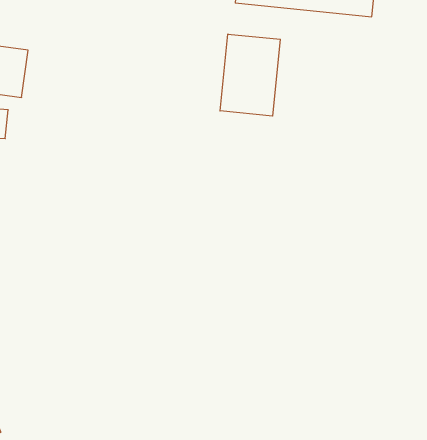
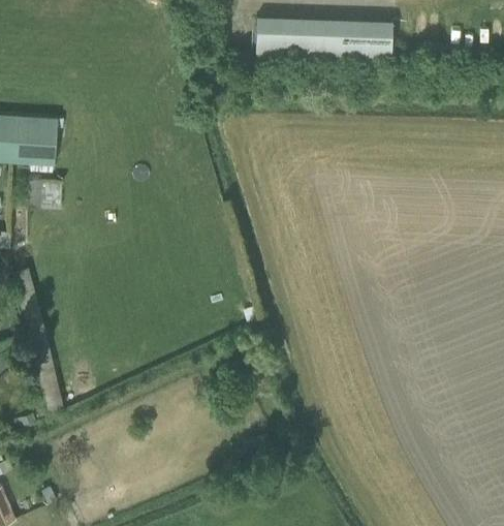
building: [220,34,280,116] -> none

